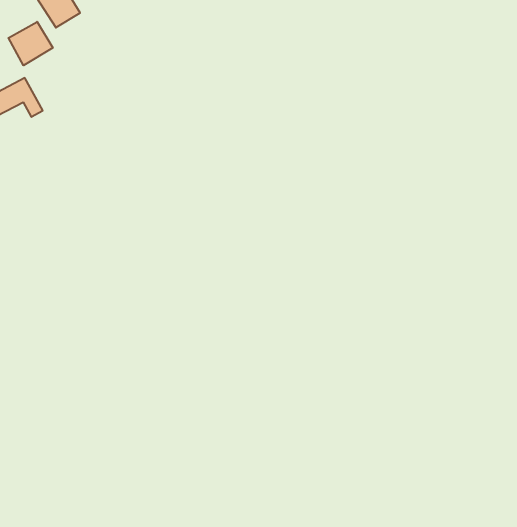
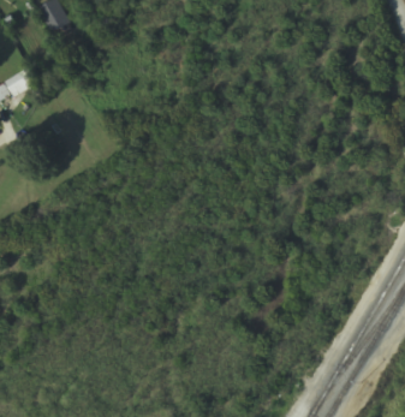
building: [8,22,53,65] -> none

